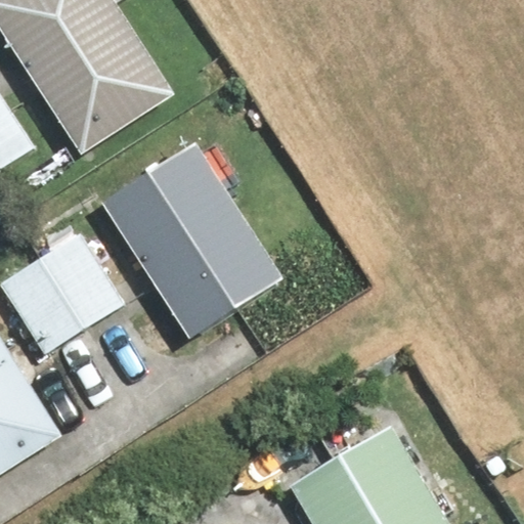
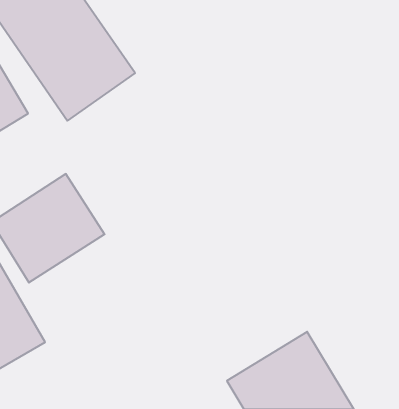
building: [102,146,281,341] -> none

